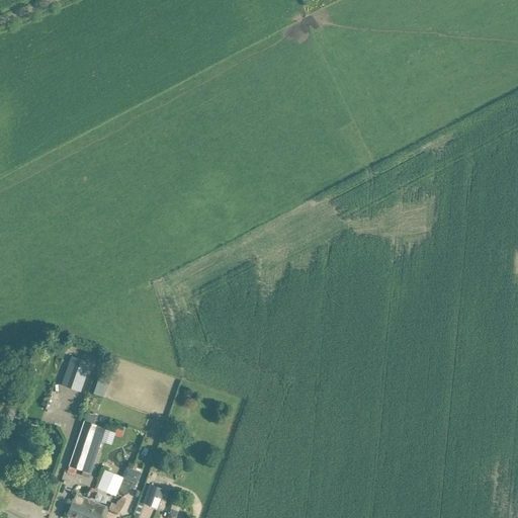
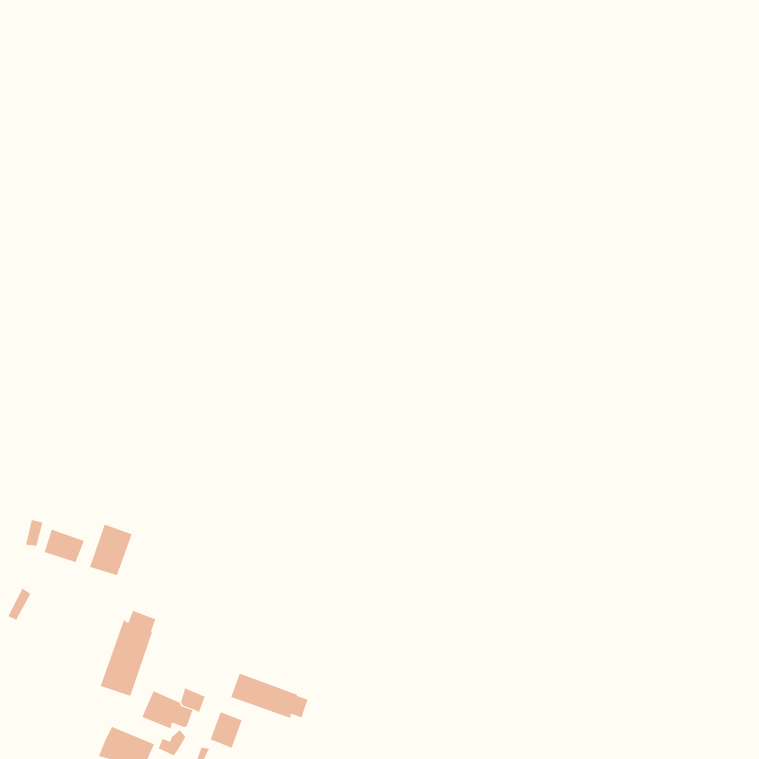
building: none -> [44,529,84,563]
building: none -> [230,673,308,719]

